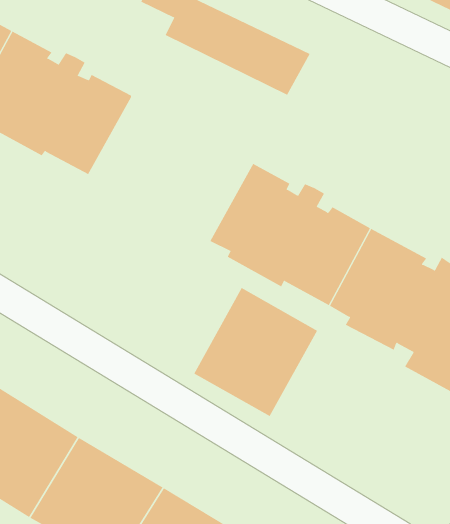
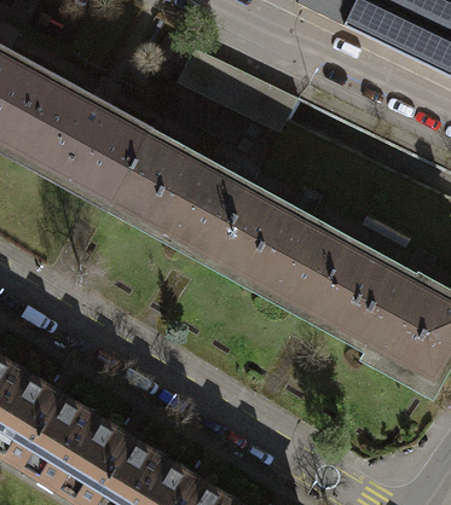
building: none -> [114,132,251,252]
building: [194,287,318,417] -> none

